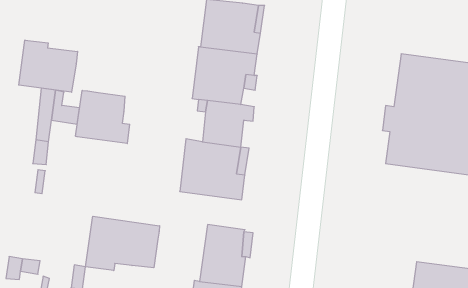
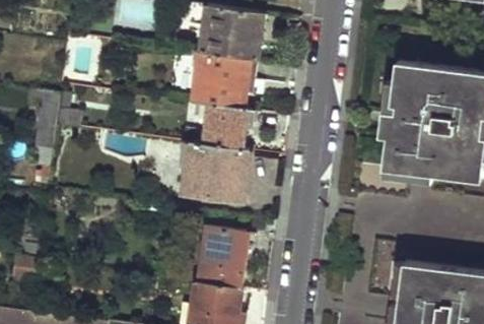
building: [19,40,78,92] -> none
building: [76,90,130,144] -> none
building: [86,216,160,271] -> none

